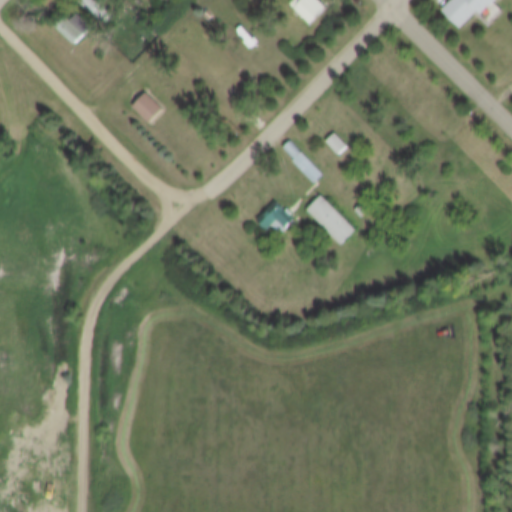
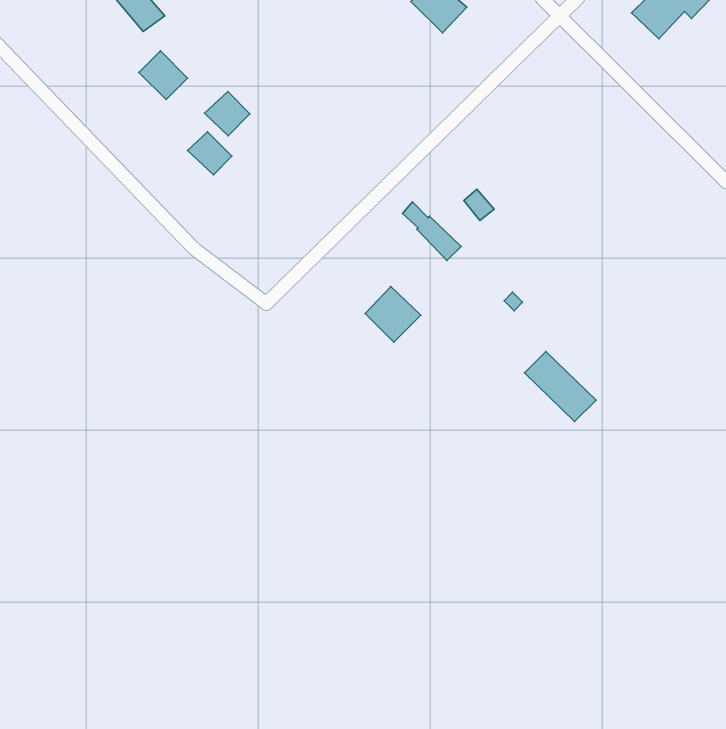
building: [56,10,90,44] -> [139,51,188,100]
building: none -> [204,92,250,136]
building: [305,195,355,244] -> [524,351,596,422]

